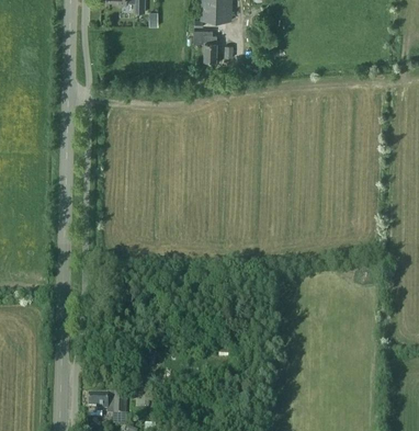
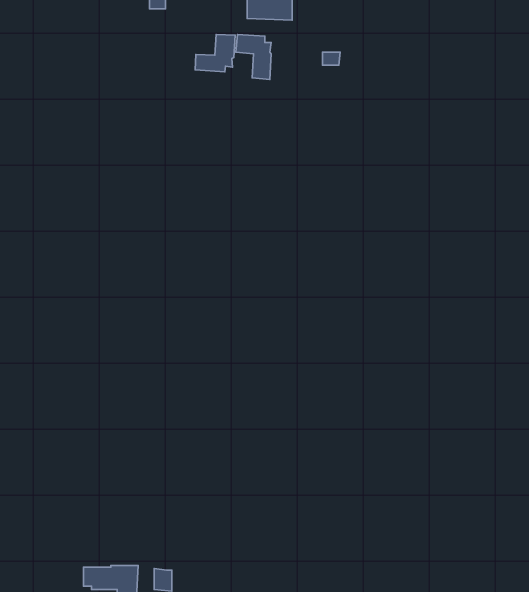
building: none -> [195,34,235,72]

